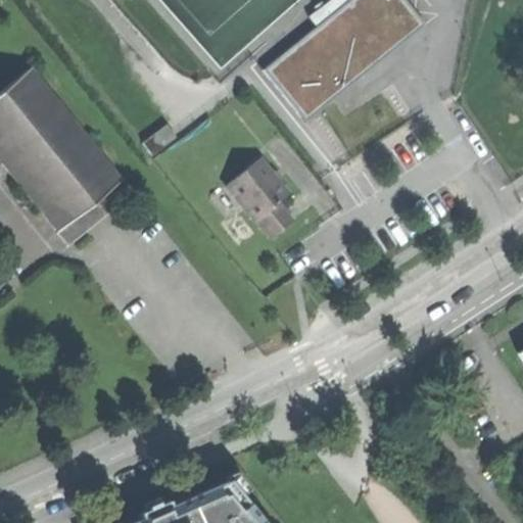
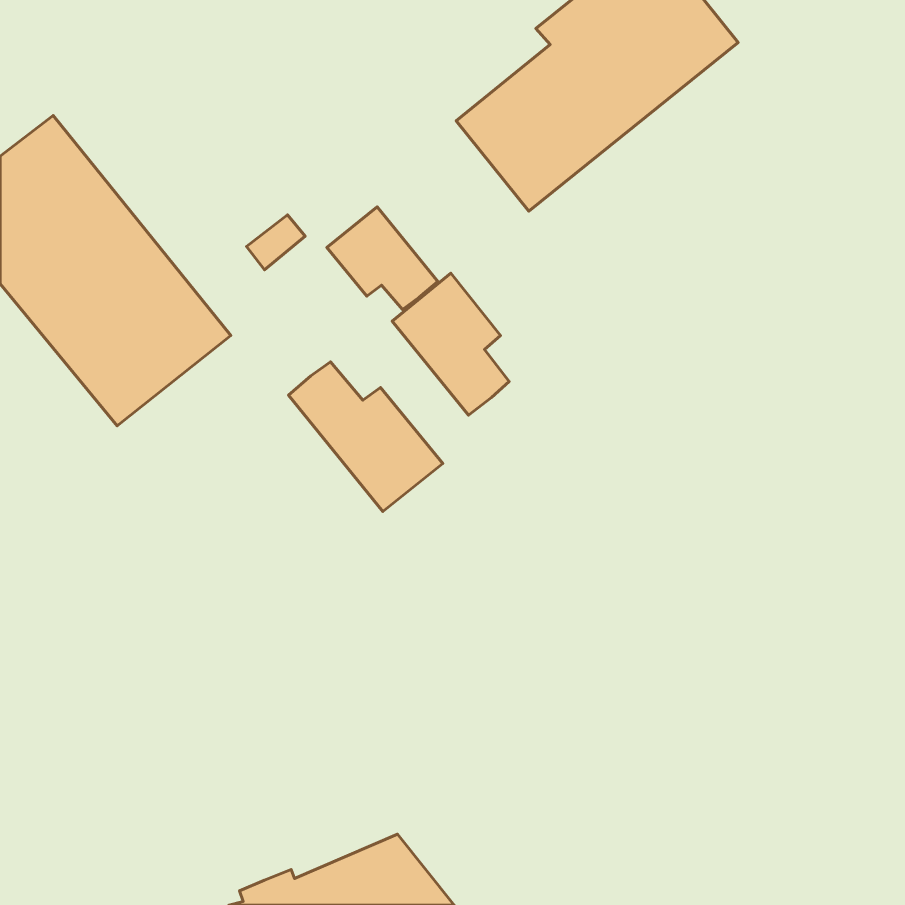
building: none -> [327,207,438,310]
building: none -> [289,362,443,512]

